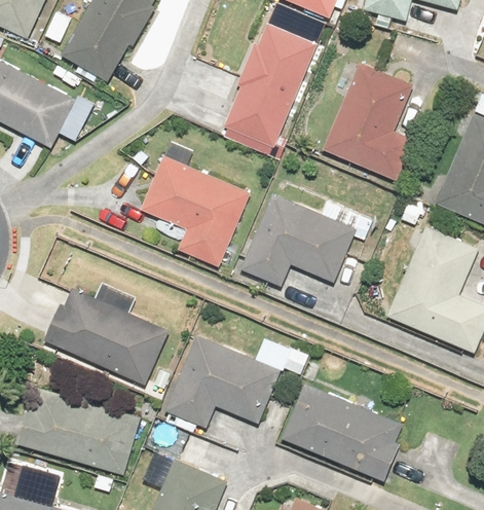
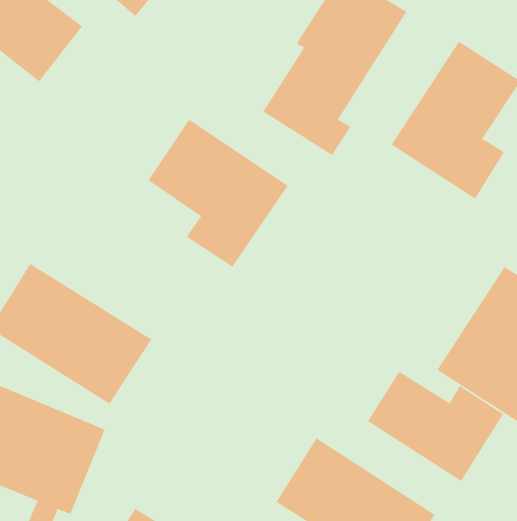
building: [240,192,370,284] -> none
building: none -> [367,371,504,482]
building: [164,334,307,425] -> none

